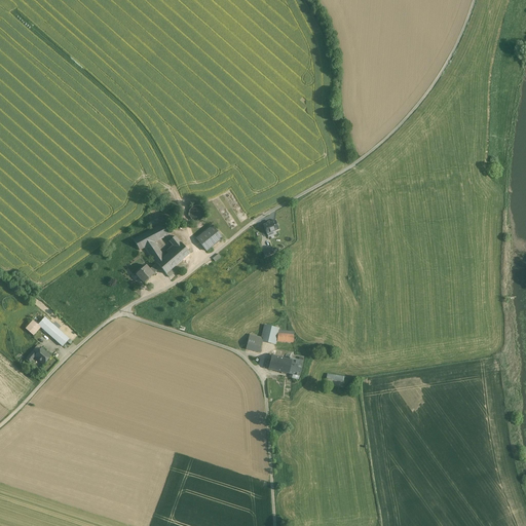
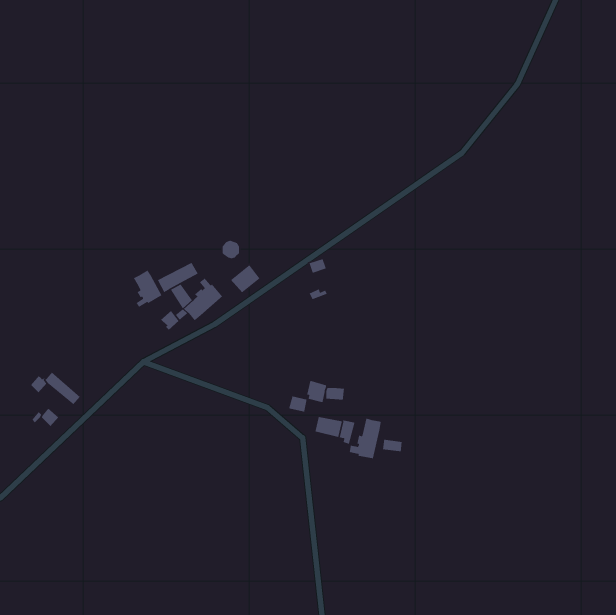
building: none -> [133,270,163,308]
building: none -> [349,418,382,459]

